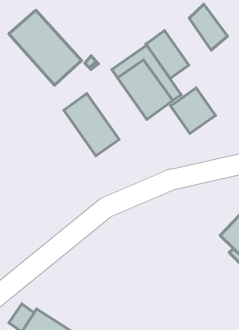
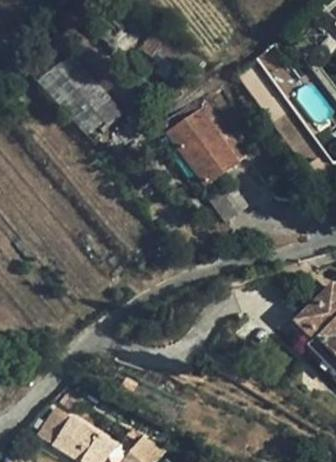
building: [146,31,189,78] -> none
building: [171,88,215,133] -> none
building: [64,94,119,156] -> none

